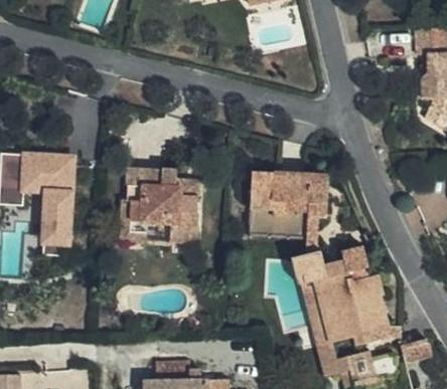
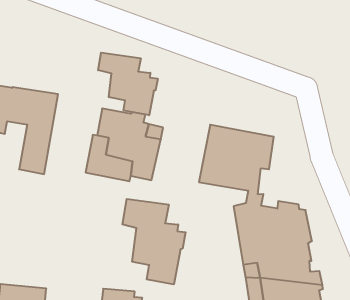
building: none -> [98,53,158,115]
building: none -> [122,199,186,284]

